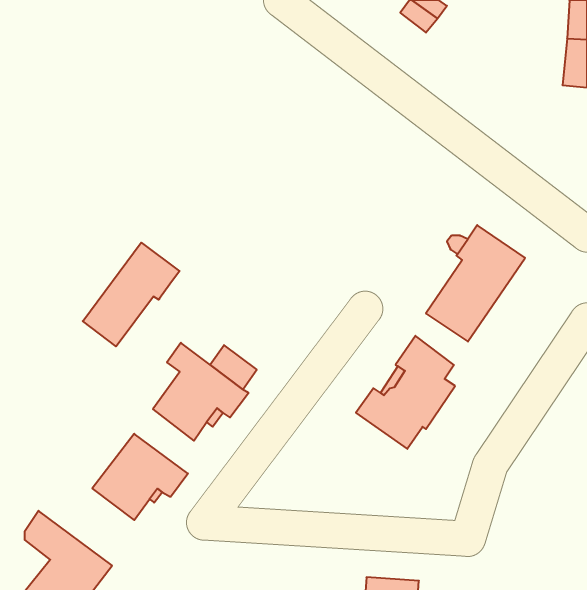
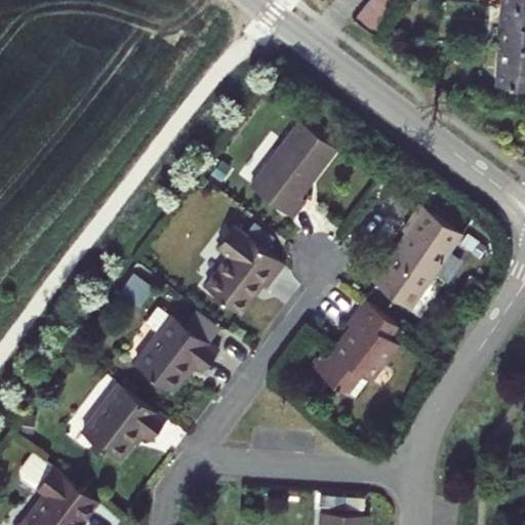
building: none -> [248,123,334,220]
building: [83,243,180,346] -> none
building: none -> [203,226,283,314]

